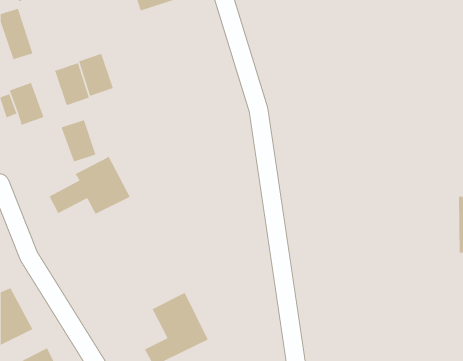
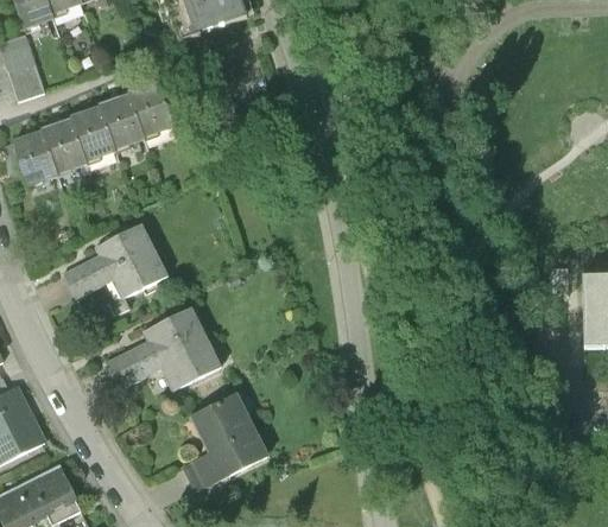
building: none -> [129,80,175,135]
building: [61,119,97,162] -> [42,118,87,172]
building: none -> [107,309,221,388]

